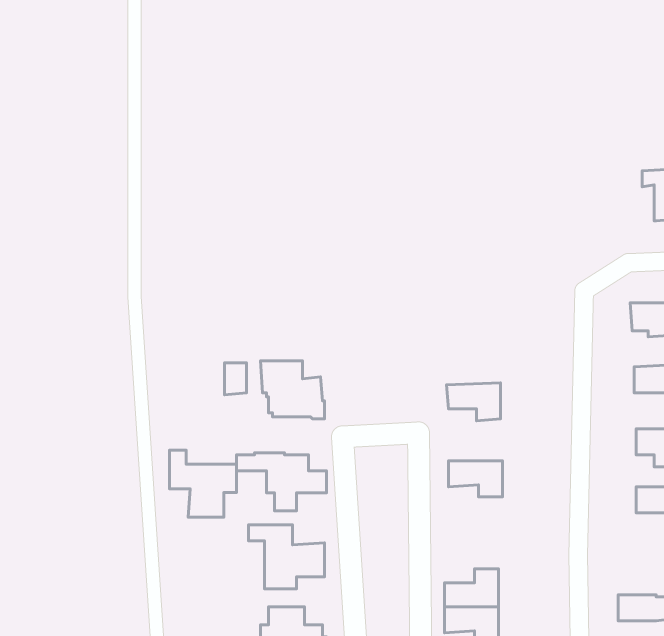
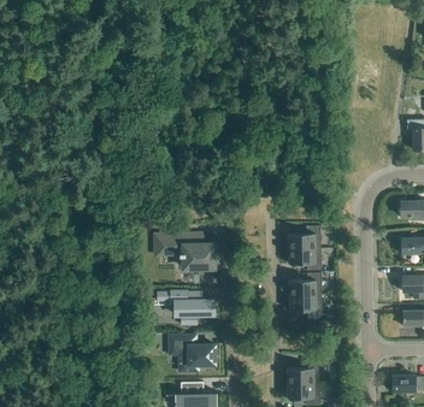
building: none -> [288,226,320,249]
building: none -> [289,273,322,295]
building: [169,450,236,517] -> none

